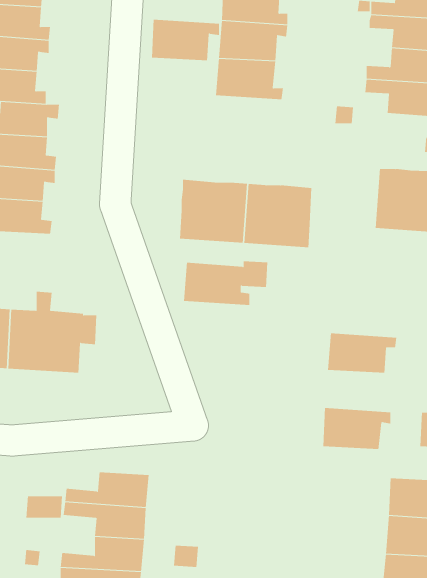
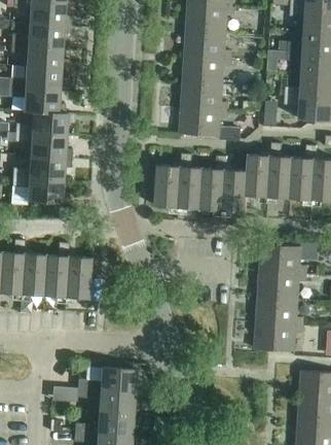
building: [151,19,220,61] -> [179,107,226,136]
building: none -> [246,155,293,199]
building: [183,261,268,305] -> [259,243,318,274]
building: none -> [255,297,302,326]

